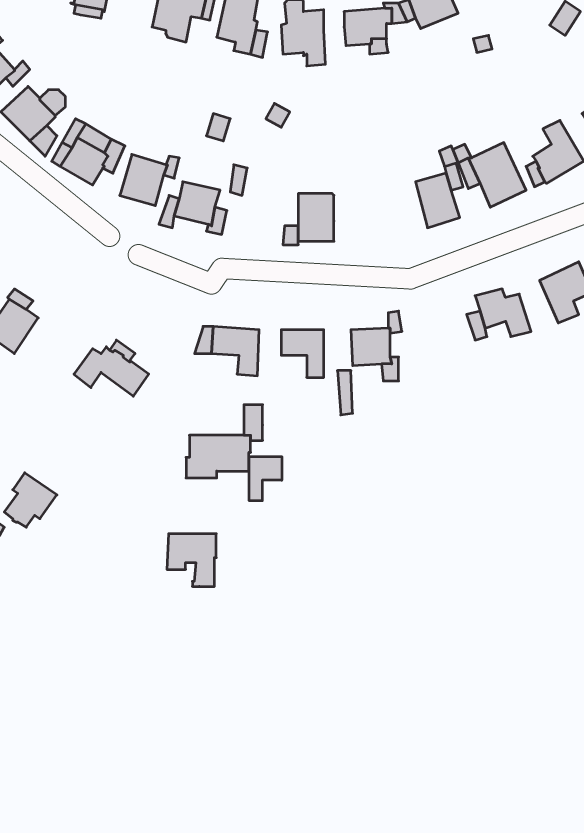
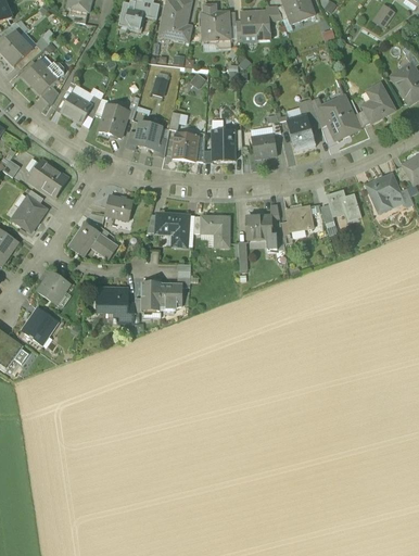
building: none -> [172,132,196,160]
building: none -> [251,132,276,159]
building: none -> [28,160,66,197]
building: none -> [104,195,132,220]
building: none -> [284,205,313,231]
building: none -> [36,270,68,304]
building: [249,457,282,501] -> none
building: [167,534,216,586] -> [96,289,127,323]

